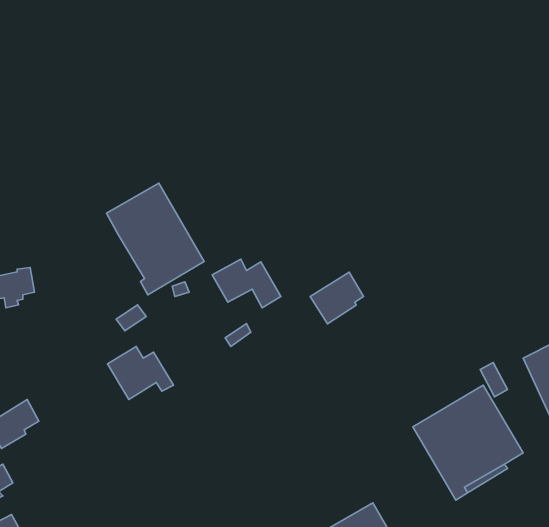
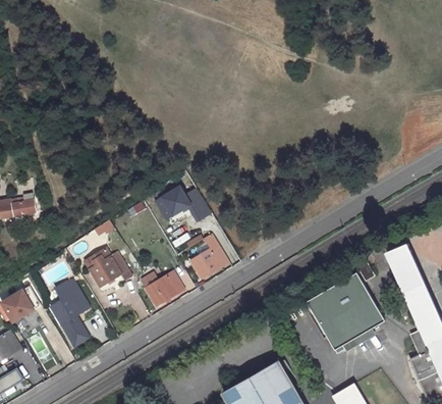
building: [106,183,204,295] -> none
building: [310,272,363,324] -> [191,242,229,279]
building: none -> [147,270,183,305]
building: none -> [53,282,94,345]

